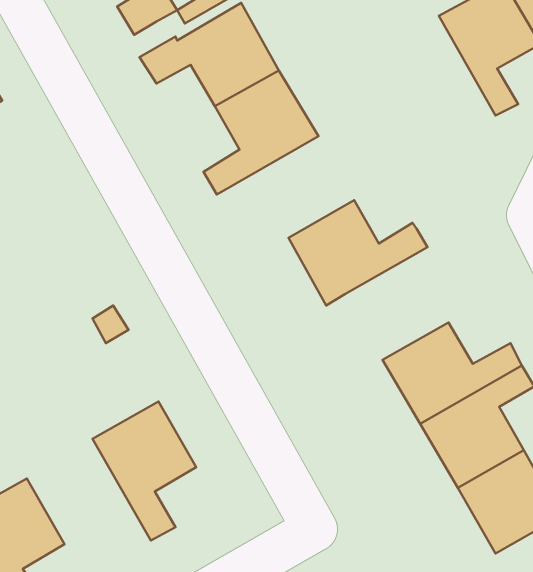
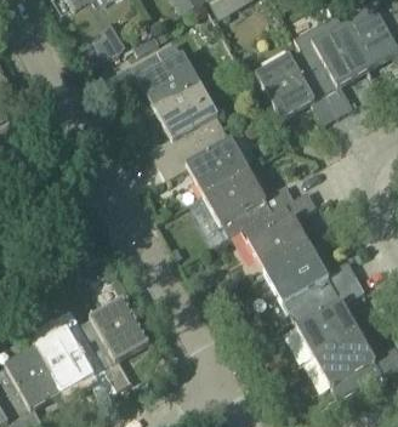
building: none -> [260,50,339,123]
building: none -> [159,127,248,193]
building: none -> [241,190,317,272]
building: none -> [36,323,116,397]

